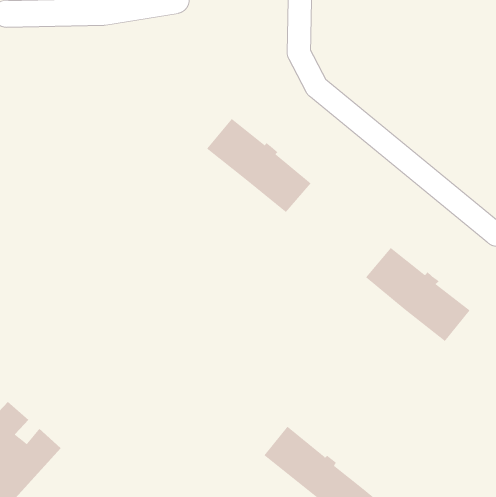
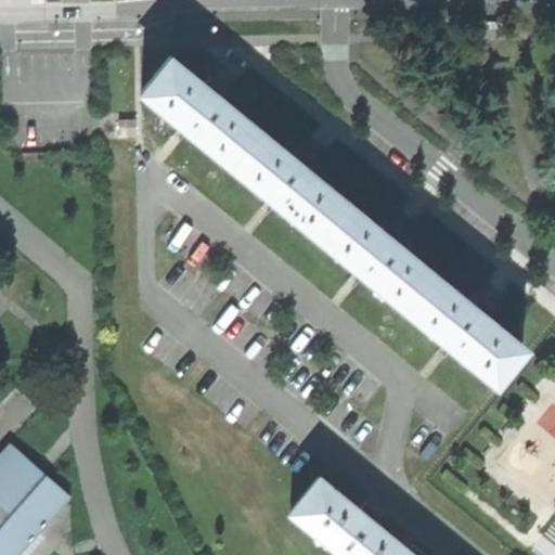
building: none -> [140,61,257,167]
building: none -> [318,206,434,310]

